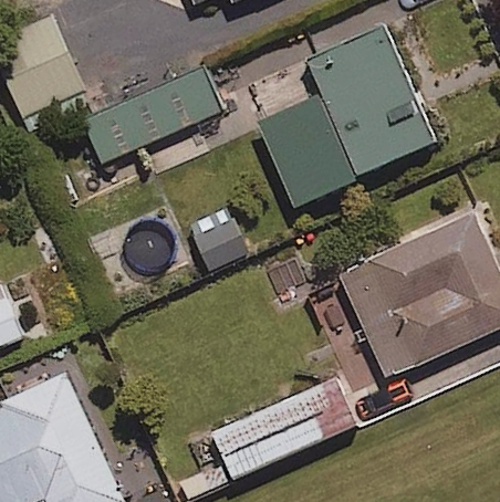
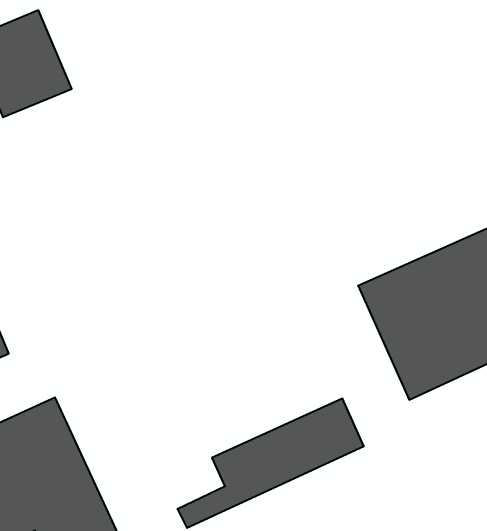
building: [287,27,436,177] -> none
building: [84,69,218,159] -> none

